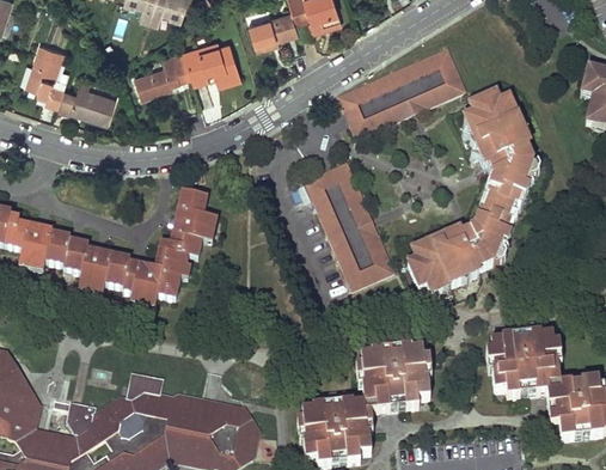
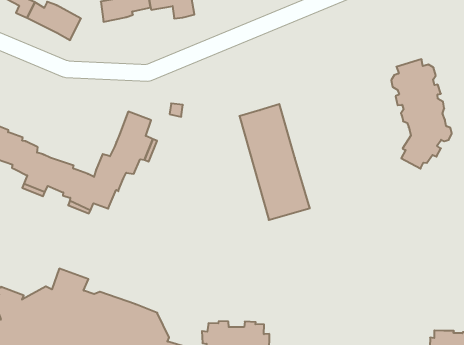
building: [338,45,465,136] -> none
building: [414,200,522,293] -> none
building: [486,331,561,396] -> none
building: [355,347,430,413] -> none

